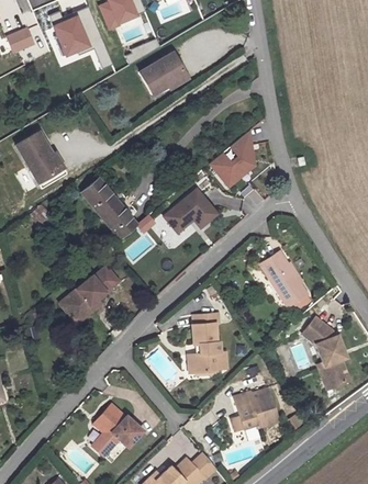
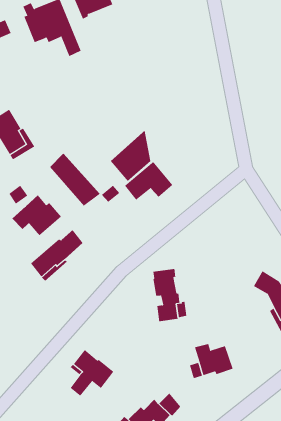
building: [134,52,183,95] -> none
building: [210,132,256,190] -> [110,130,151,182]
building: none -> [11,195,62,236]
building: [261,251,311,306] -> none

